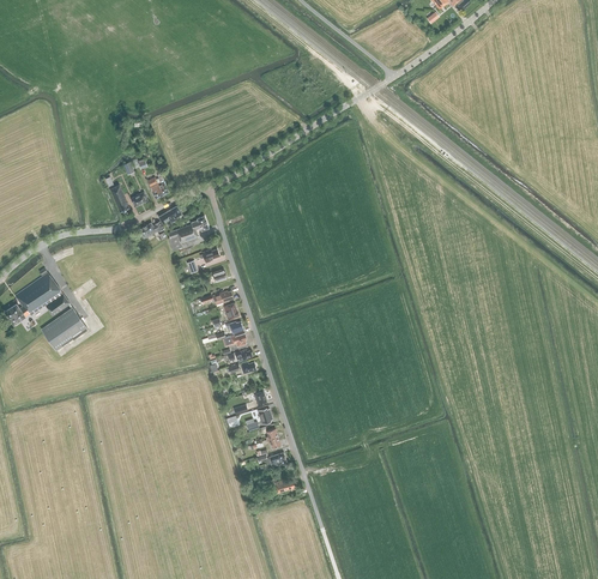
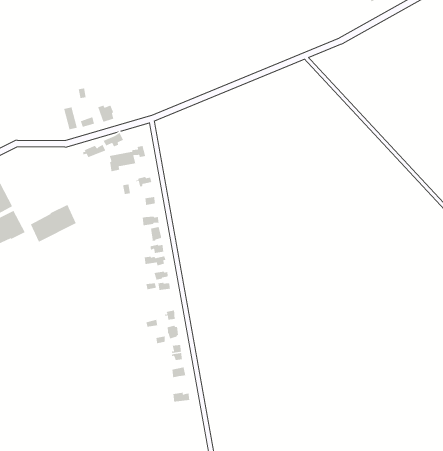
building: none -> [30,204,77,243]

